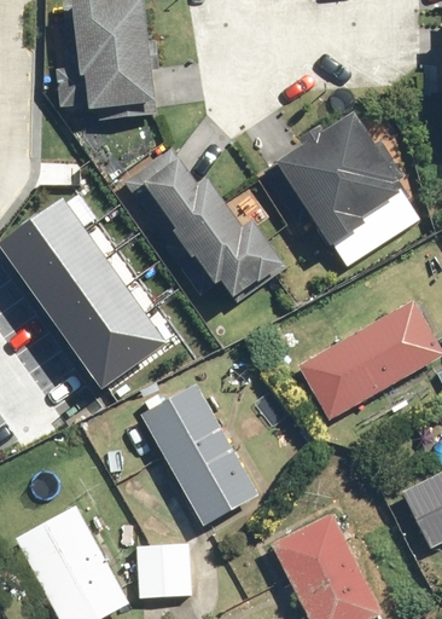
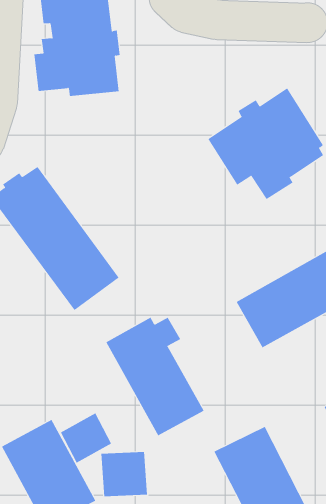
building: [124,149,287,301] -> none
building: none -> [60,413,112,464]

